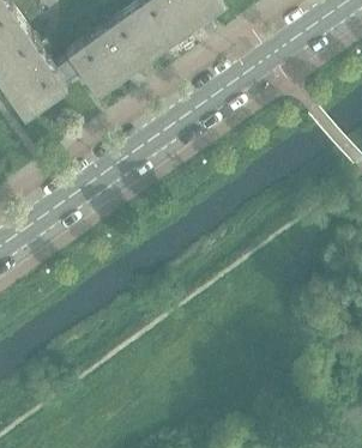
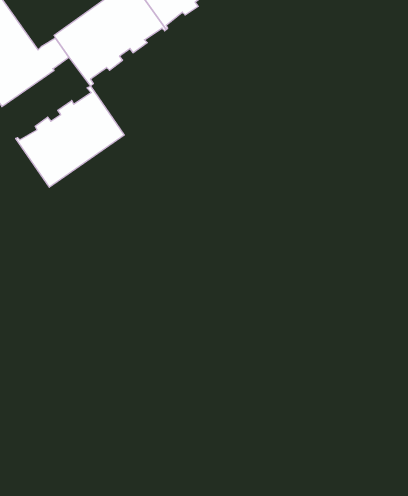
building: none -> [16,86,124,187]

